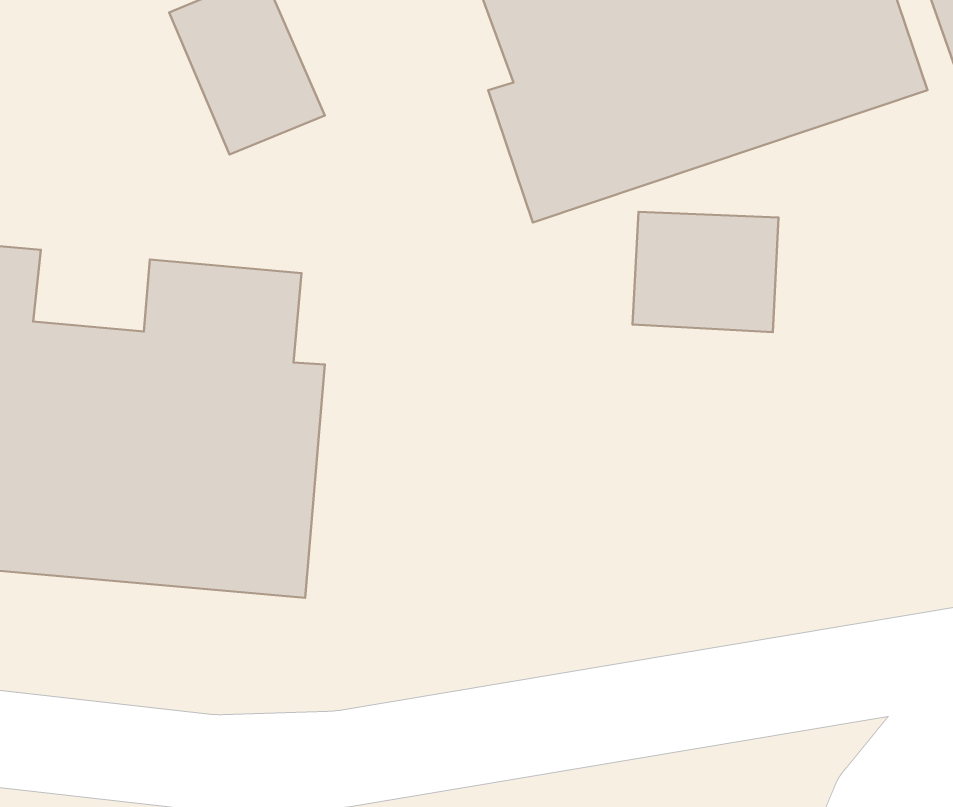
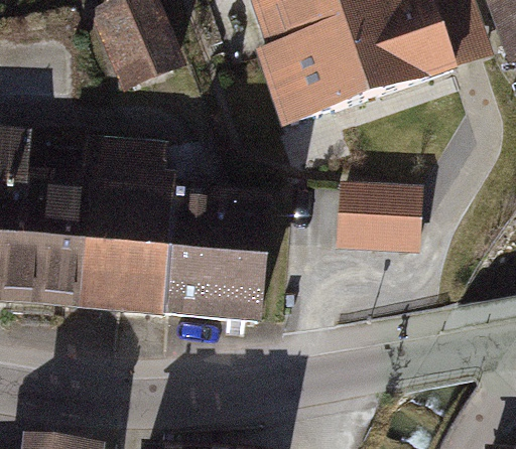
building: [633,212,779,332] -> [339,186,414,249]
building: none -> [165,195,268,323]

